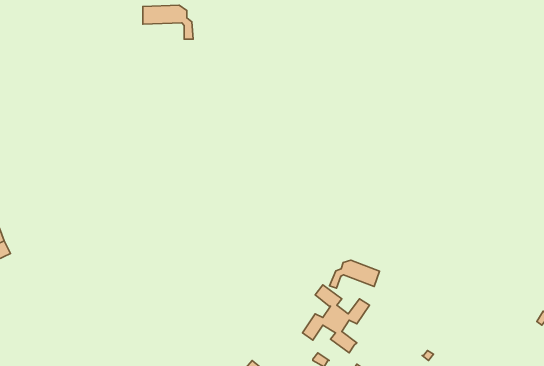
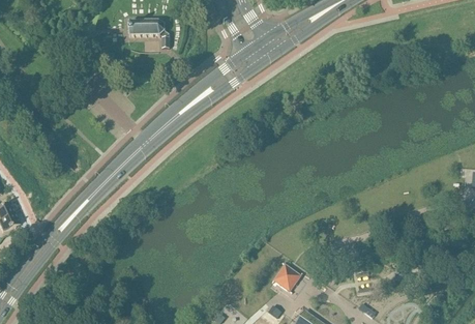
building: [330,260,380,288] -> none

